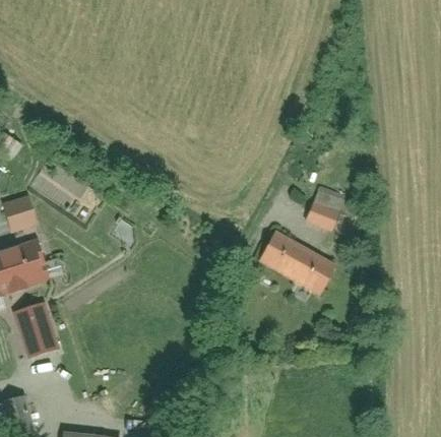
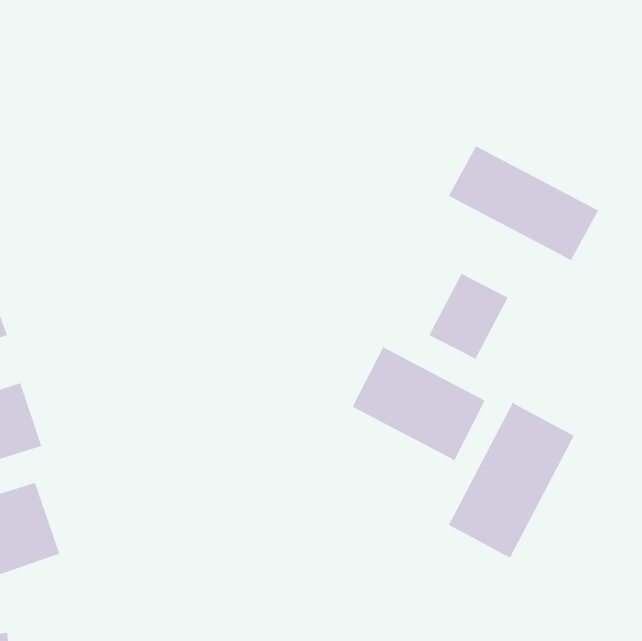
building: none -> [448,145,599,261]
building: none -> [448,402,575,559]

